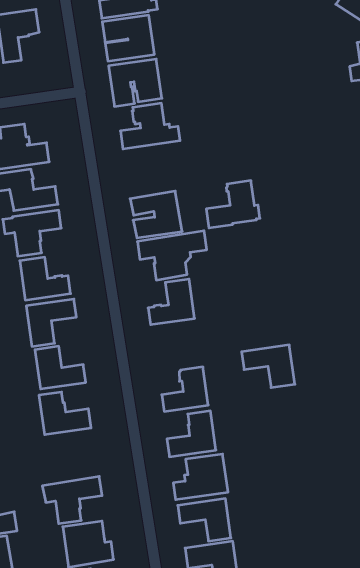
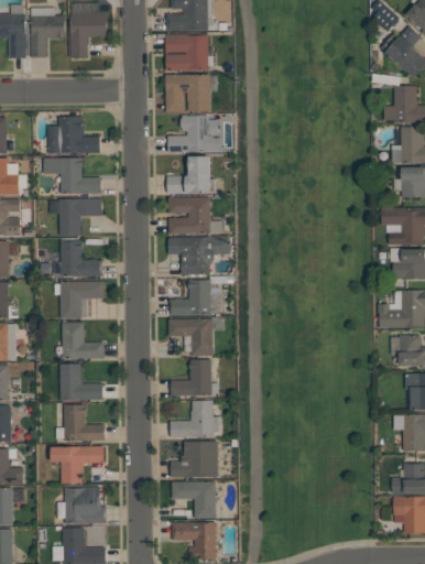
building: [206,181,260,228] -> [166,156,214,194]
building: [242,345,295,388] -> [168,319,212,356]
building: none -> [63,405,105,441]

